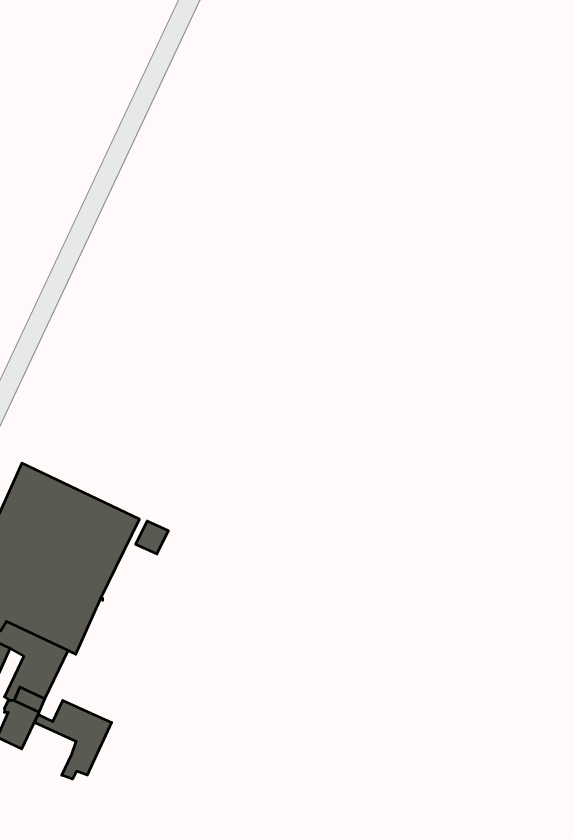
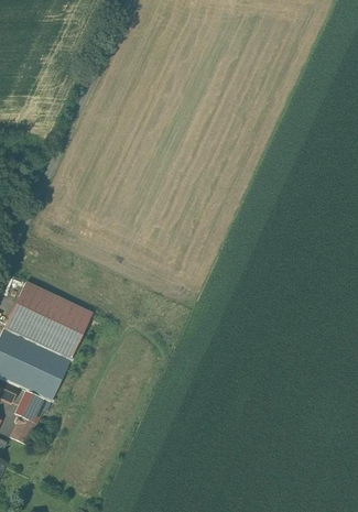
building: [35,700,112,779] -> none

